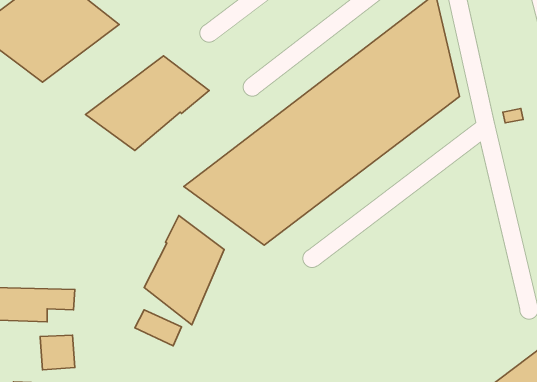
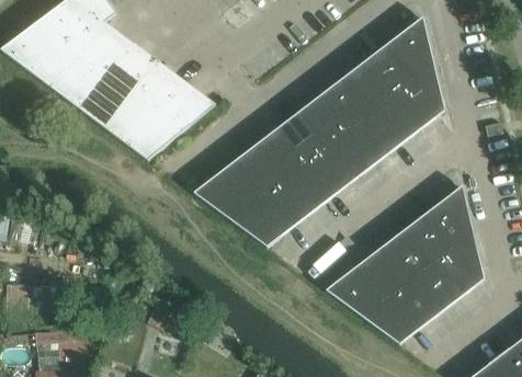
building: none -> [64,43,174,126]
building: none -> [326,184,485,343]
building: [144,215,224,325] -> none

